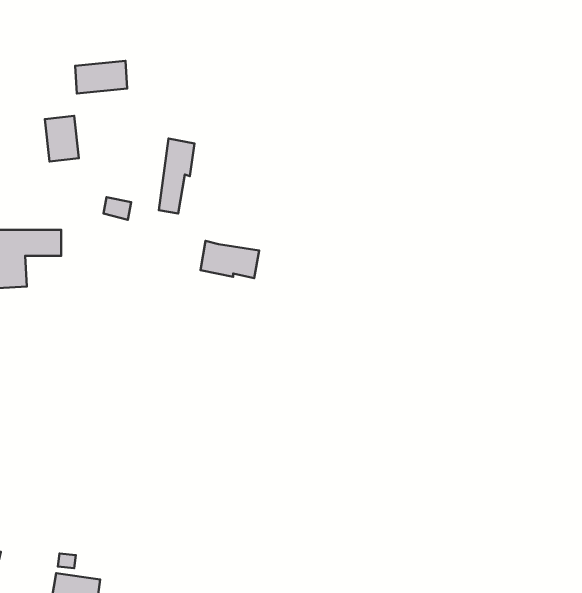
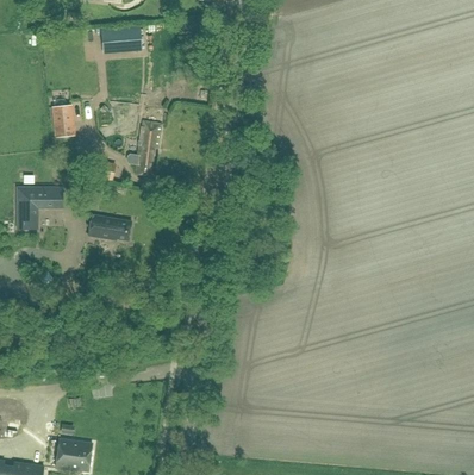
building: [75,61,127,93] -> [101,29,139,52]
building: [200,241,259,278] -> [88,213,131,240]

